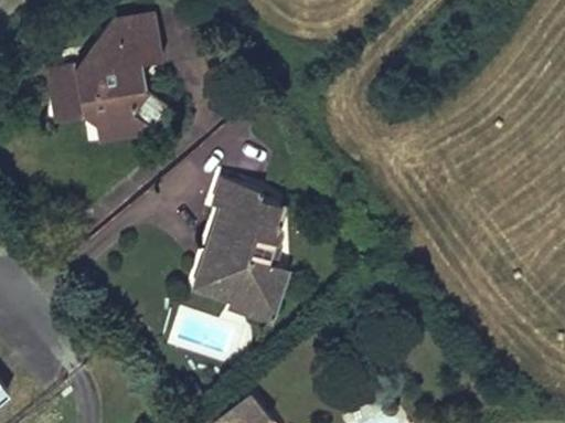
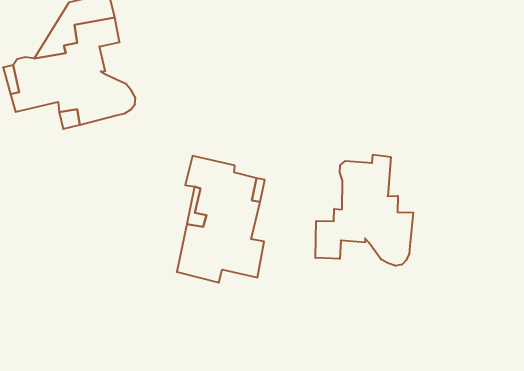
building: none -> [315,155,413,266]
building: [231,268,287,322] -> none

